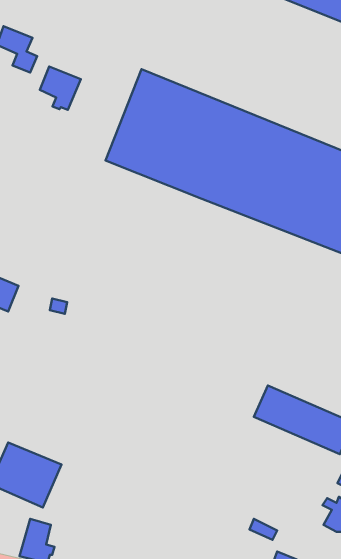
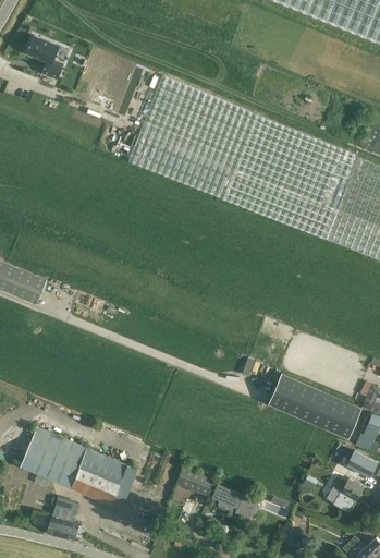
building: [40,67,81,110] -> none
building: none -> [70,447,138,511]
building: none -> [179,469,213,496]
building: none -> [212,484,259,519]

